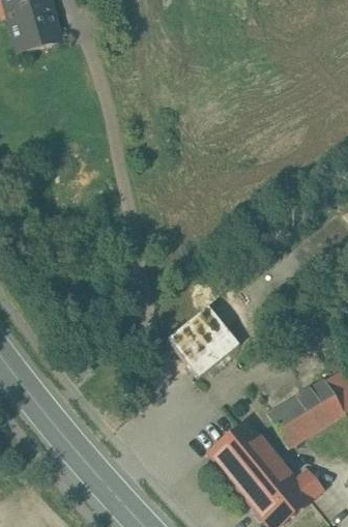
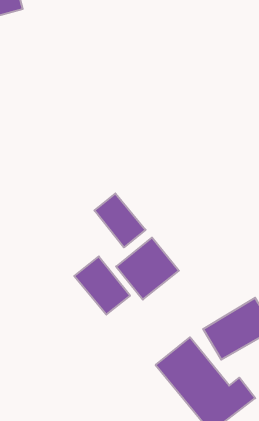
building: none -> [94,193,146,247]
building: none -> [74,256,130,315]

